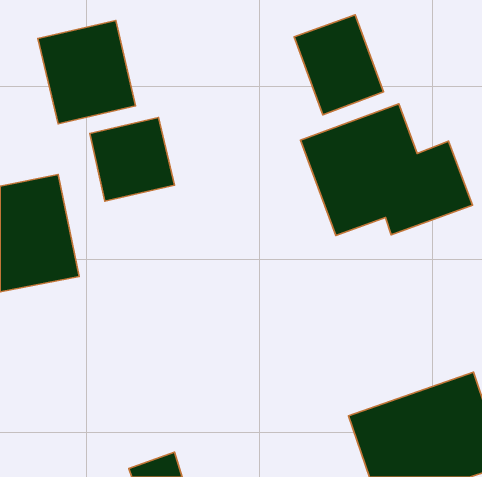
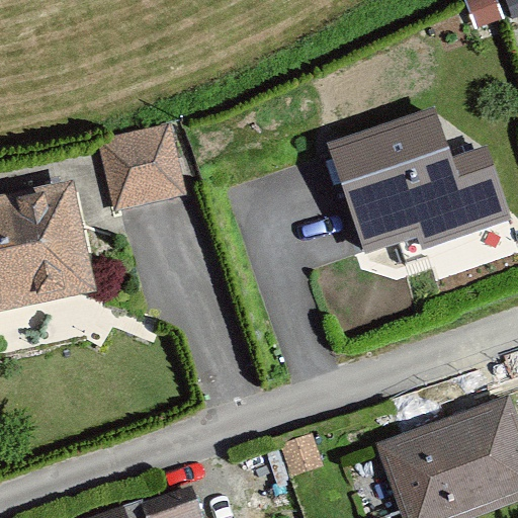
building: [294,15,383,115] -> none
building: [38,20,135,124] -> none

